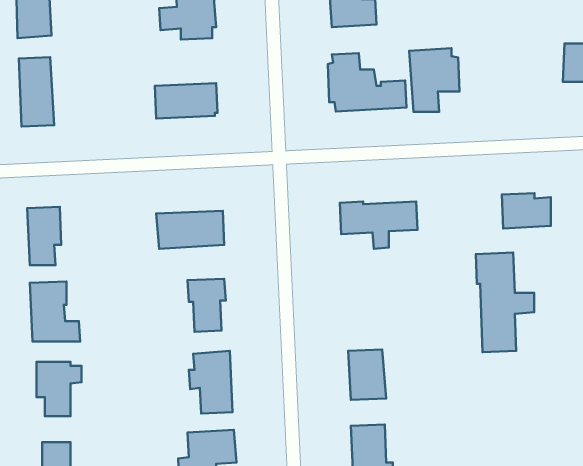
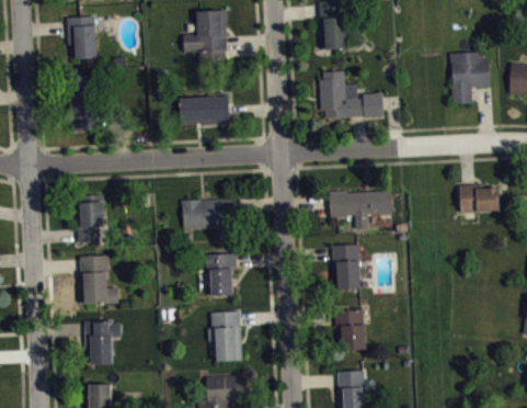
building: [409,48,460,112] -> [449,52,490,103]
building: [476,253,534,352] -> none
building: none -> [331,245,360,290]

